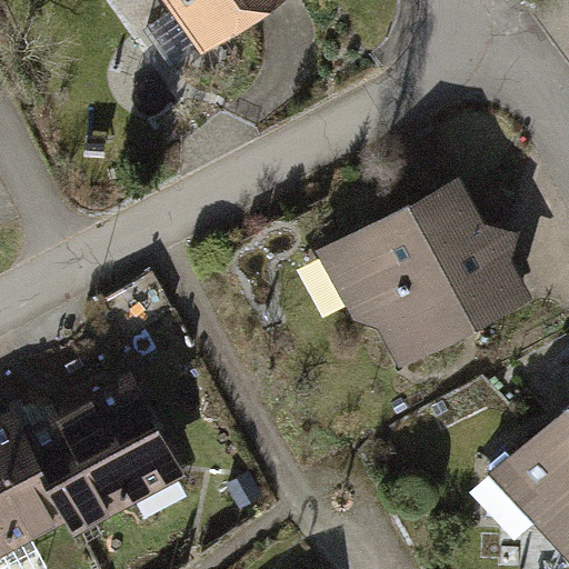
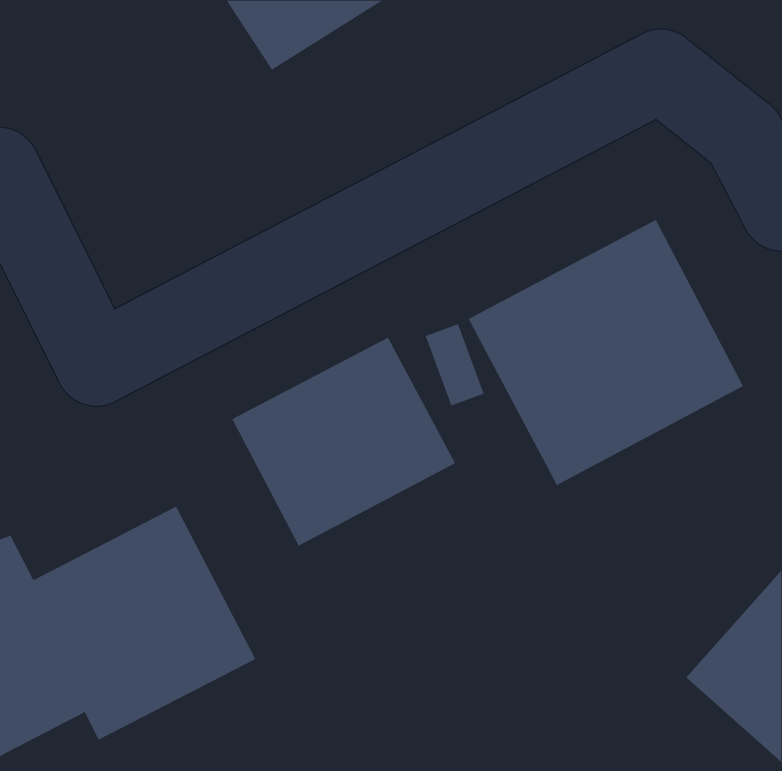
building: none -> [232,337,456,547]

